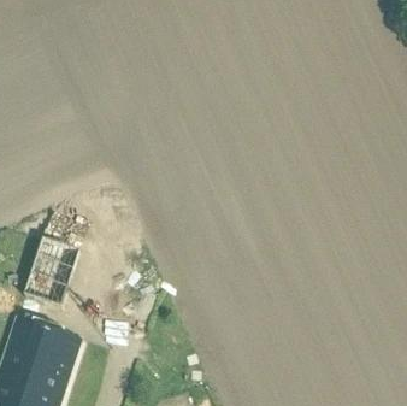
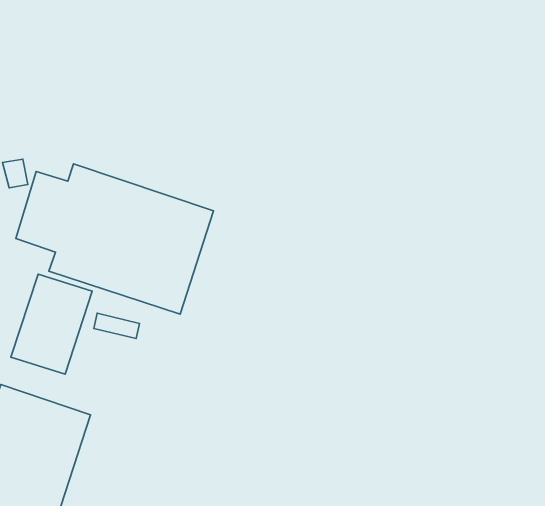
building: none -> [16,164,213,314]

